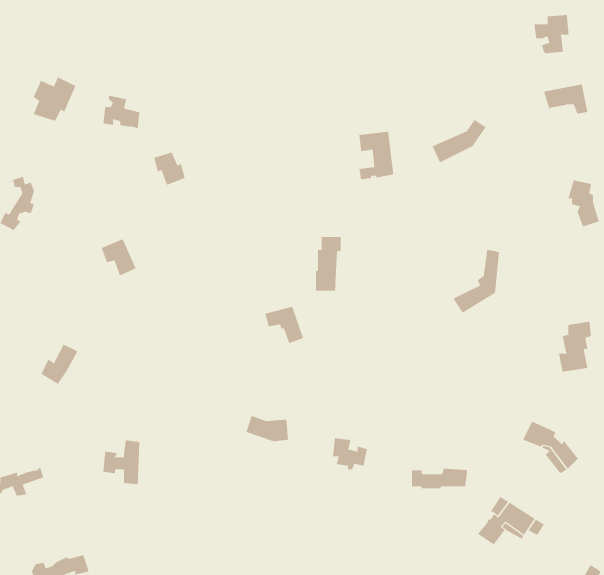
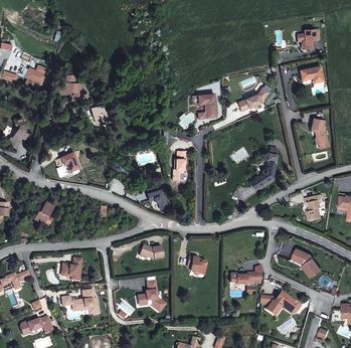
building: none -> [138,281,166,312]
building: none -> [65,290,102,313]

